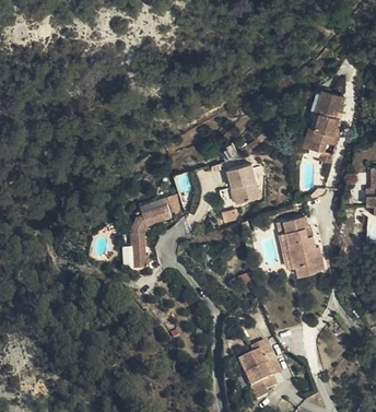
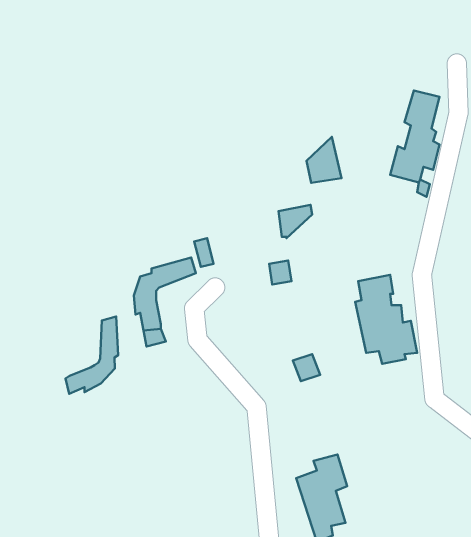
building: [234,175,258,207] -> [306,137,341,183]
building: none -> [65,316,118,394]

